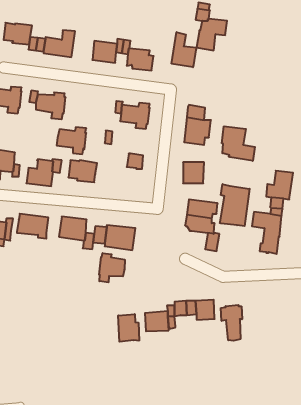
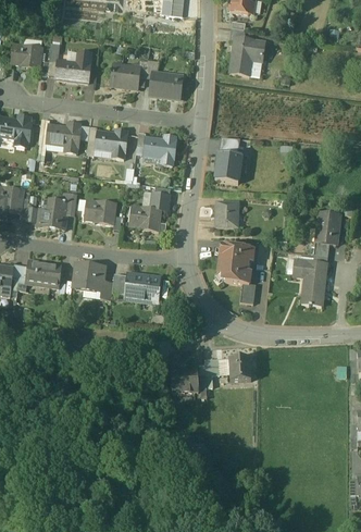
building: [172,32,197,67] -> none
building: [222,126,255,161] -> none
building: [57,127,86,154] -> [95,127,128,158]
building: none -> [129,205,162,231]
building: [220,184,250,226] -> none
building: [99,253,125,282] -> none
building: [221,305,242,341] -> none
building: [118,314,139,342] -> none

